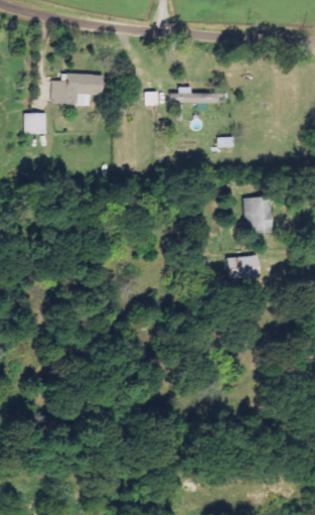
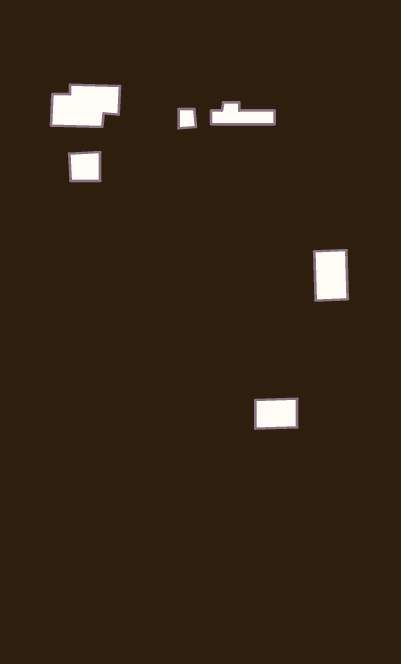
building: [23,112,46,133] -> [69,152,100,181]
building: [226,255,258,277] -> [255,399,297,429]

